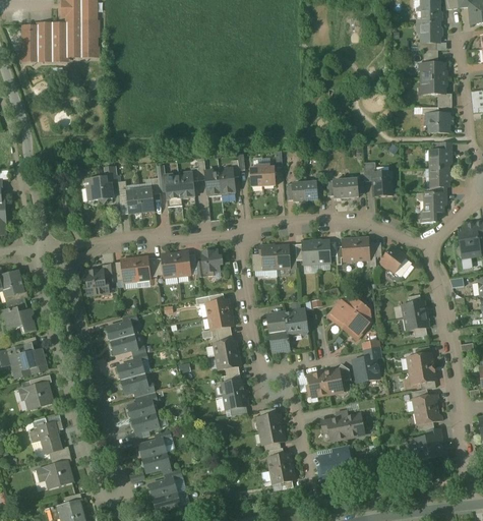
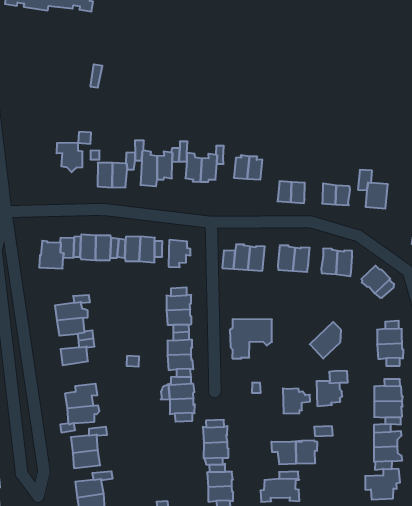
building: [328,298,361,327] -> none
building: [307,370,328,396] -> none
building: [122,372,155,395] -> none

